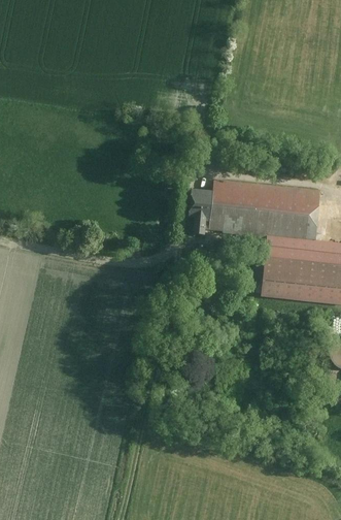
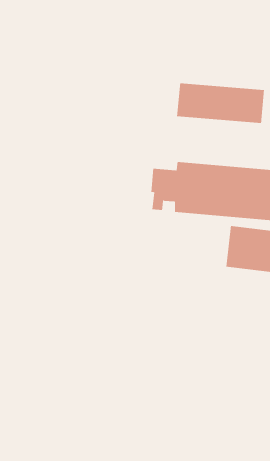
building: none -> [177,82,265,124]

